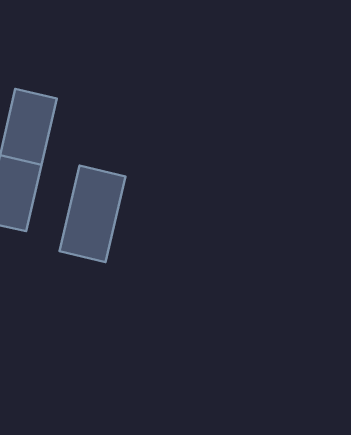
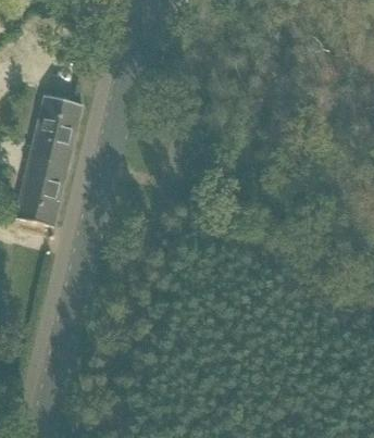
building: [60,166,126,262] -> none

